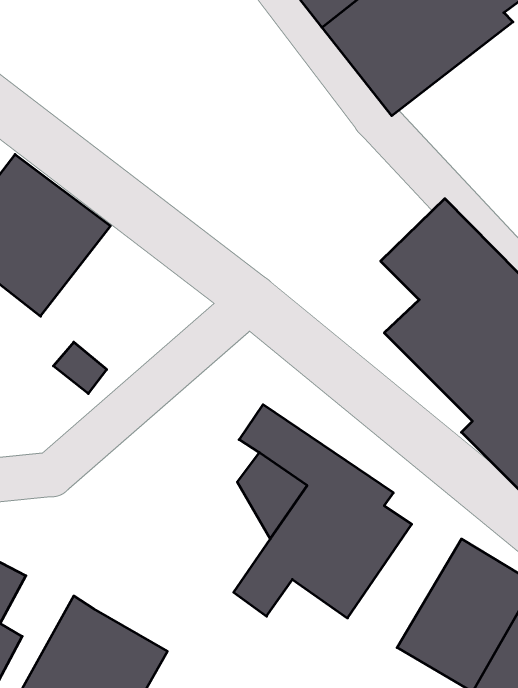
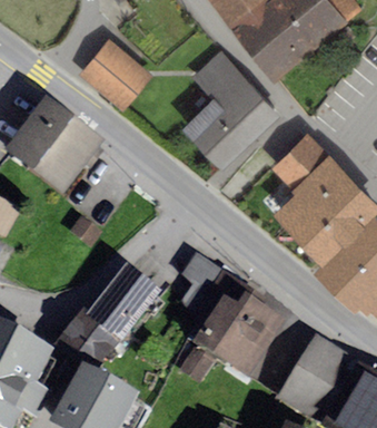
building: none -> [78,37,151,109]
building: none -> [181,48,282,171]
building: none -> [54,269,160,378]

